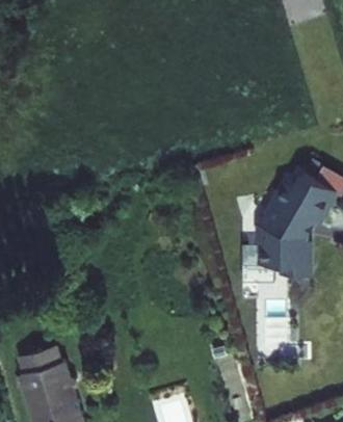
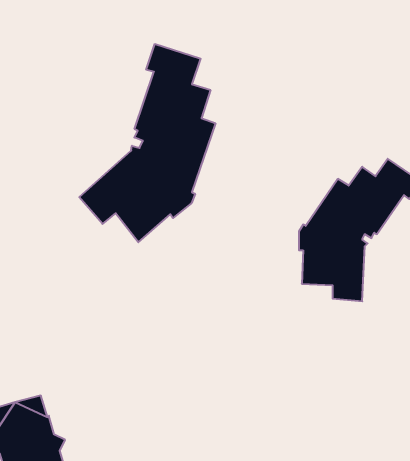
building: none -> [79,44,215,242]

